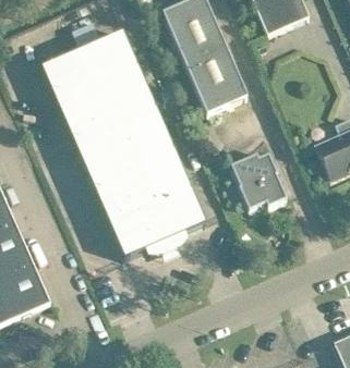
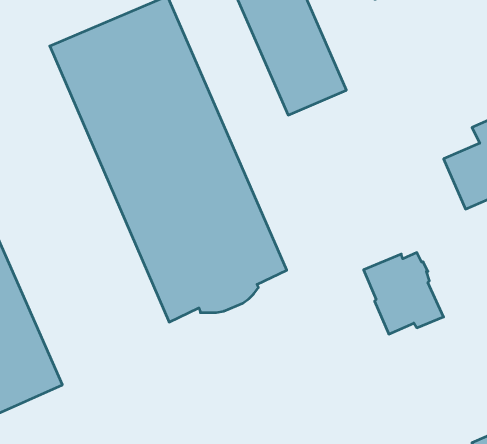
building: [230,154,286,210] -> [364,253,444,334]

